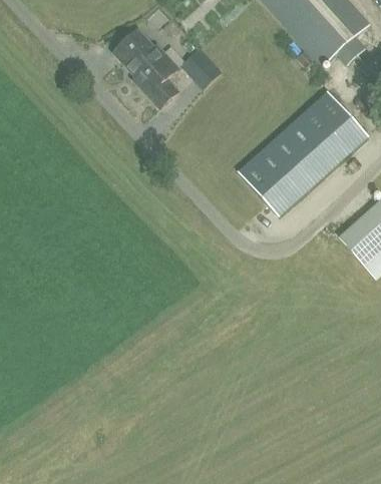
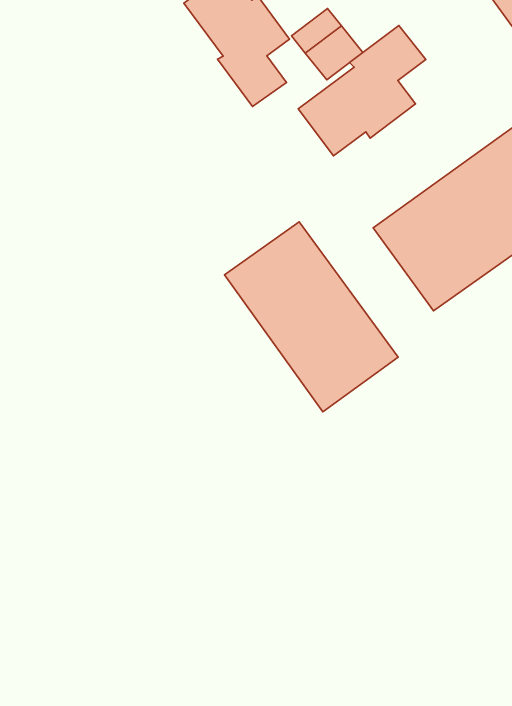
building: none -> [298,25,426,156]
building: none -> [225,222,398,412]

